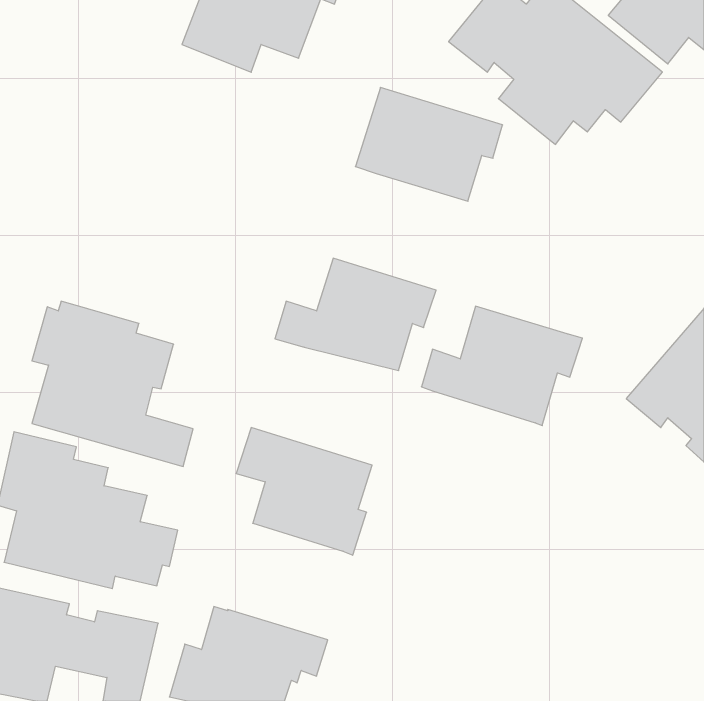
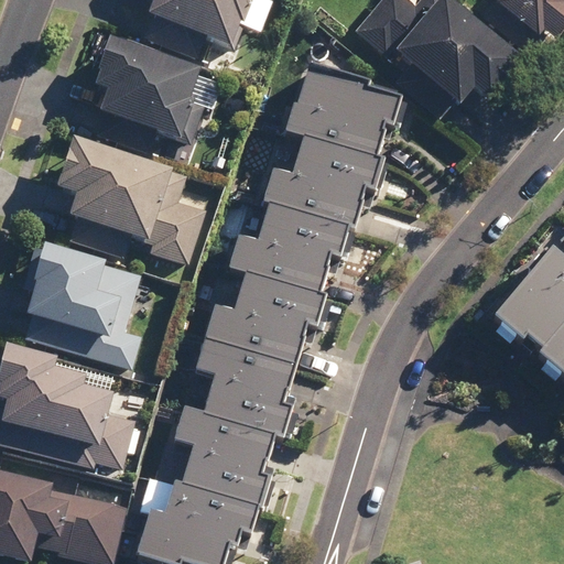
building: none -> [93,35,218,152]
building: none -> [57,135,204,260]
building: [421,306,582,426] -> [256,138,383,232]
building: none -> [199,275,327,369]
building: none -> [167,409,272,508]

